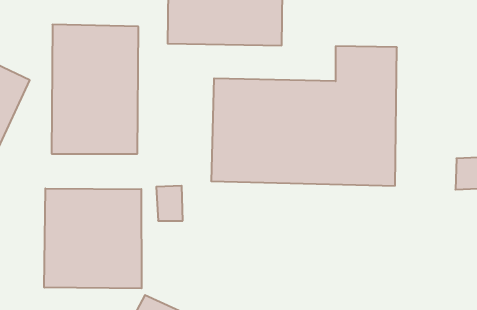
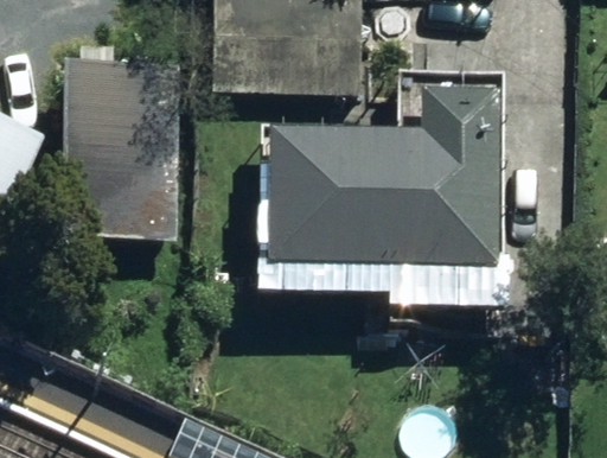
building: [44,188,142,288] -> none

